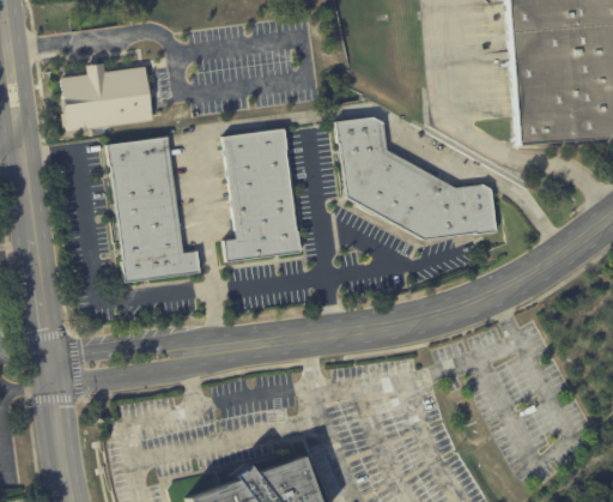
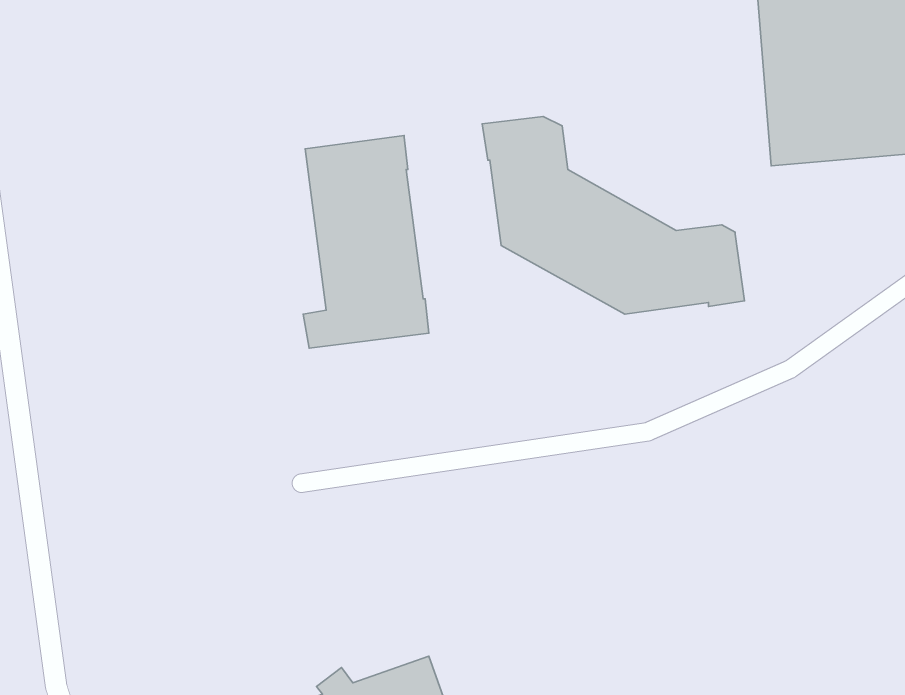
building: [61,61,156,131] -> none
building: [107,135,200,282] -> none

